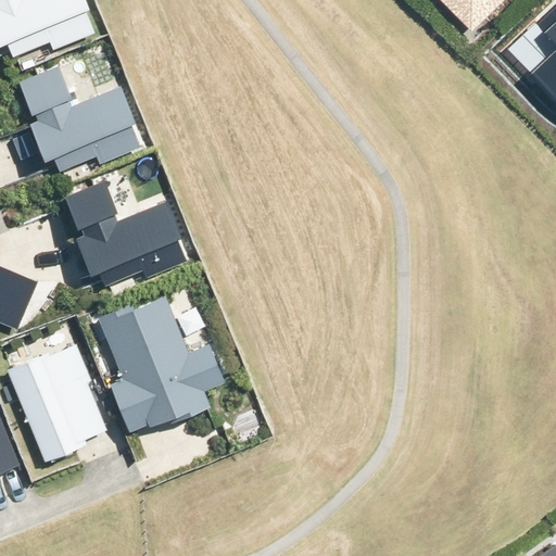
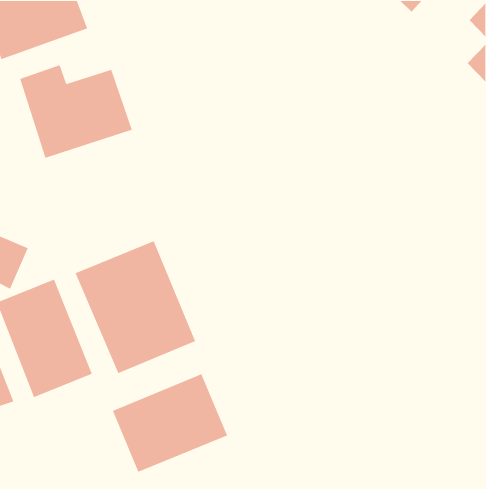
building: [67,189,185,286] -> none
building: none -> [112,373,228,473]

